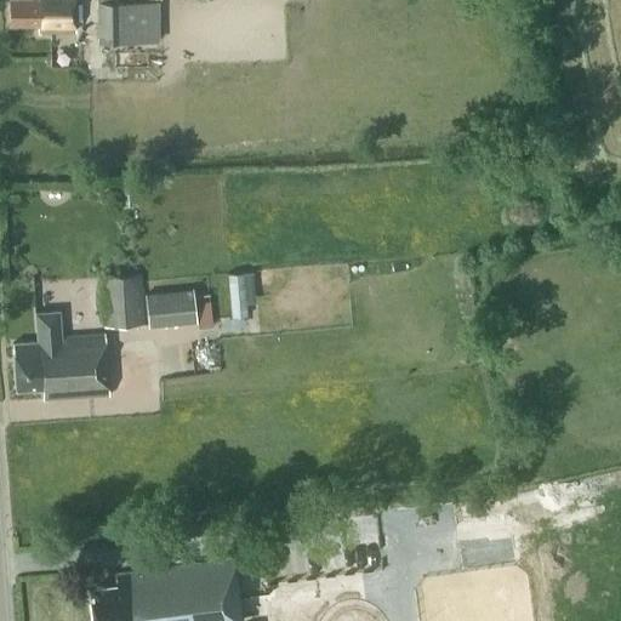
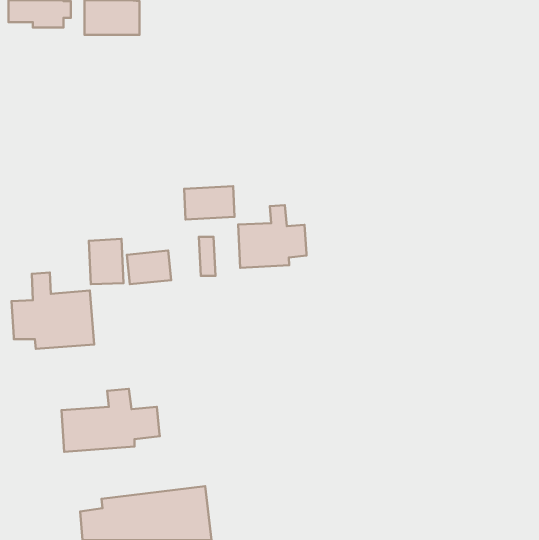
building: none -> [184,186,235,219]
building: none -> [238,205,307,268]
building: none -> [62,389,160,452]

